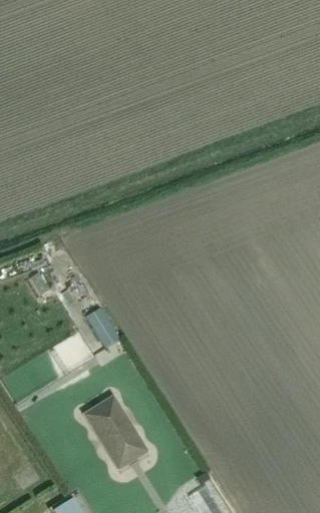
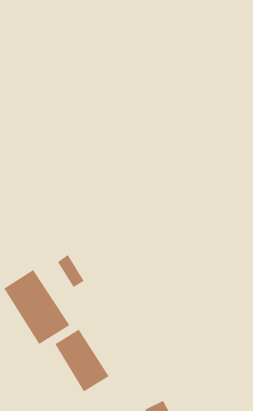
building: none -> [3,269,70,345]

